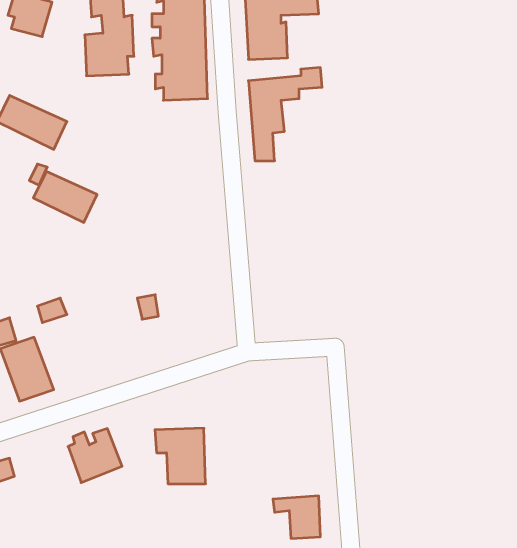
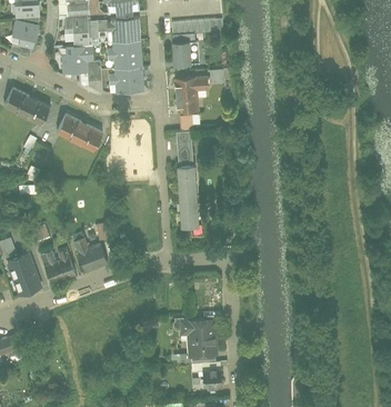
building: none -> [176,131,199,225]
building: [33,172,97,222] -> [59,115,102,149]
building: none -> [73,236,109,271]
building: [155,428,206,484] -> [181,316,215,354]
building: [68,429,122,483] -> [40,248,77,285]

